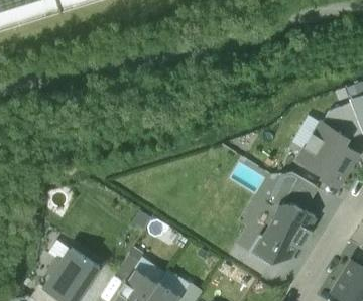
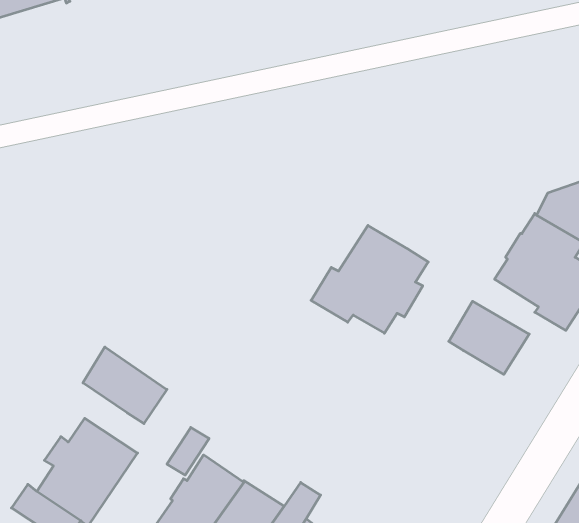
building: none -> [83,347,167,424]
building: [249,199,314,259] -> [311,225,428,333]

